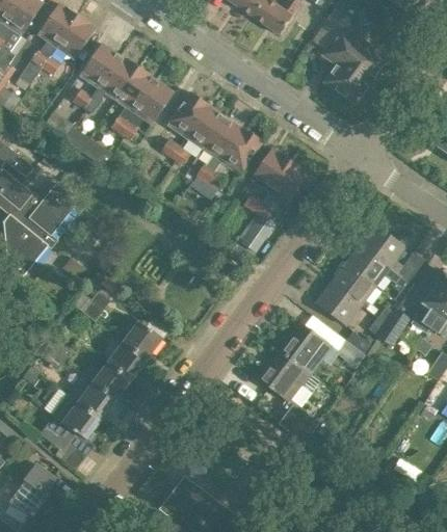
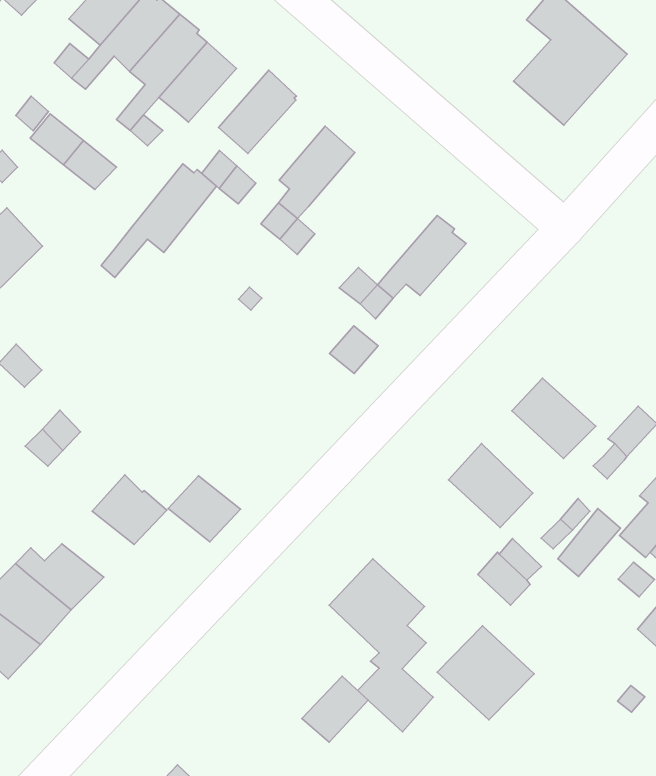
building: [184,105,225,150] -> none
building: [220,128,262,175] -> none
building: none -> [101,164,217,278]
building: [251,148,291,191] -> none
building: [359,222,410,264] -> none
building: [330,261,375,304] -> none
building: [278,322,331,373] -> [437,626,534,720]
building: [107,342,147,377] -> [168,476,240,542]
building: none -> [302,676,368,742]

